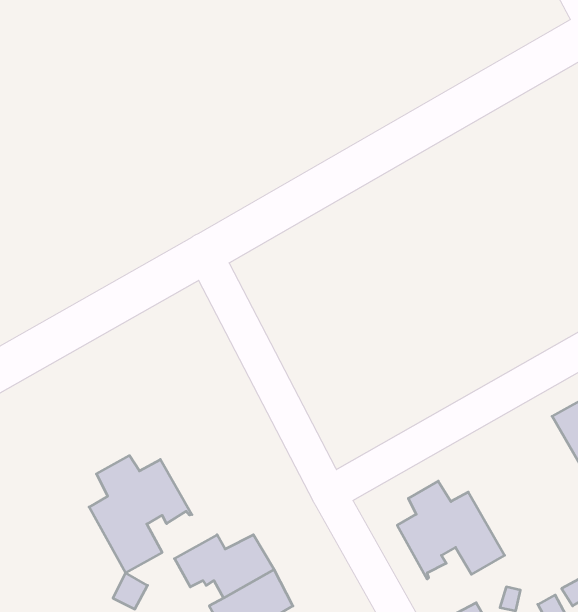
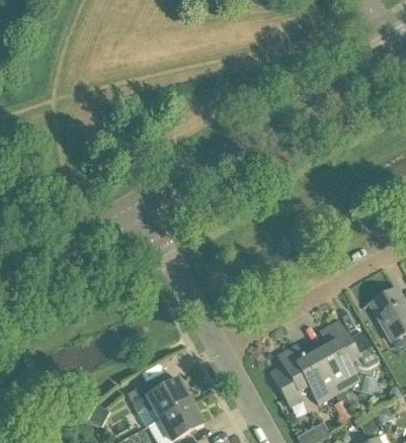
building: none -> [316,320,379,391]
building: [89,456,192,573] -> none

